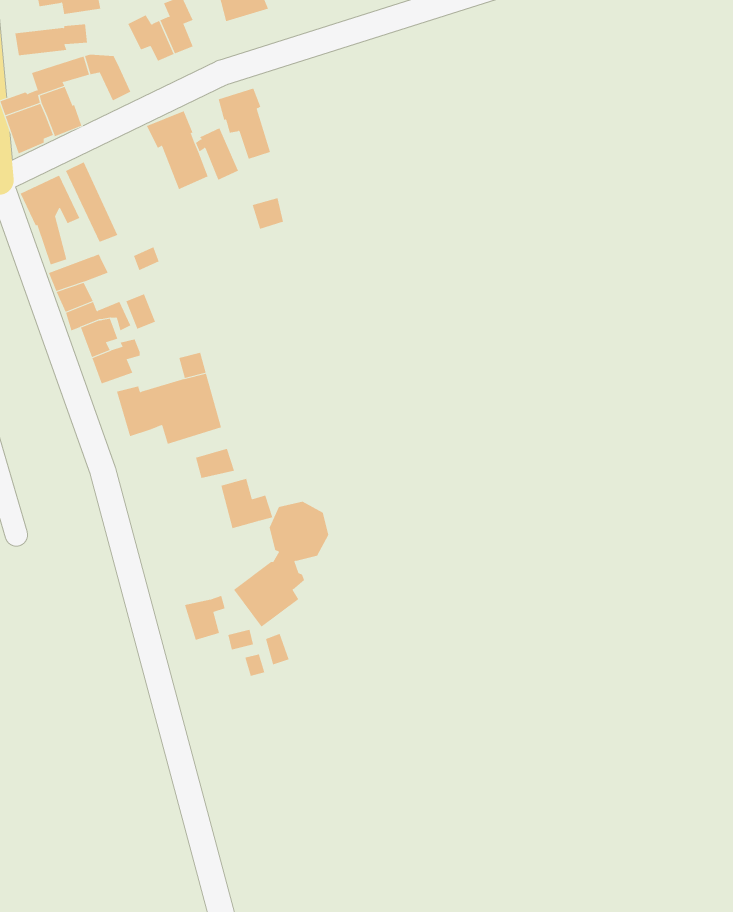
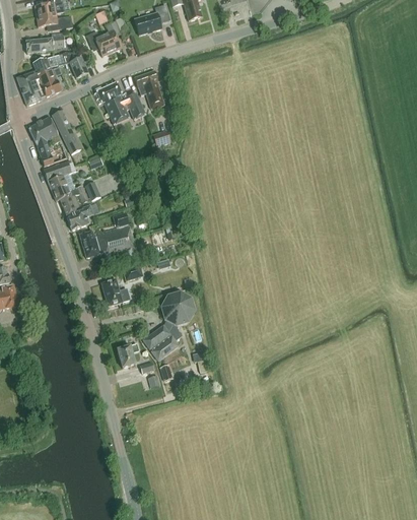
building: [221,478,273,529] -> [101,278,130,306]

